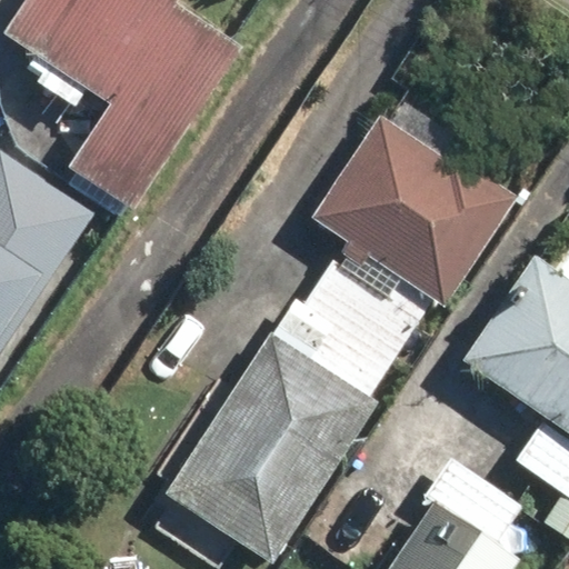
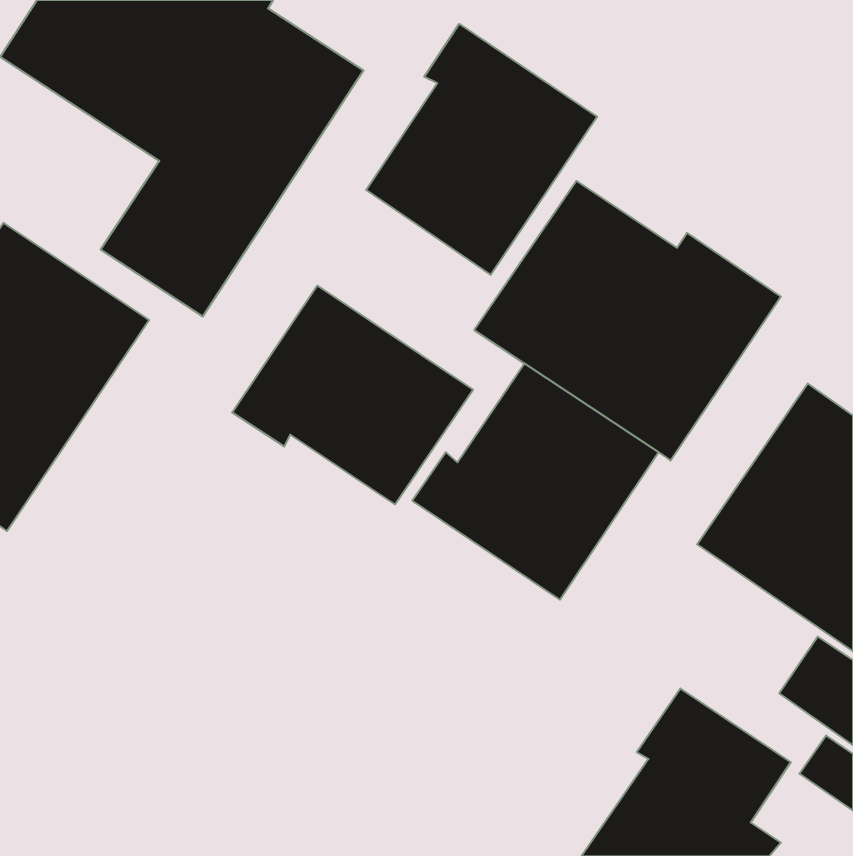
building: none -> [366,24,597,275]
building: none -> [232,286,473,504]
building: [164,332,377,563] -> none

